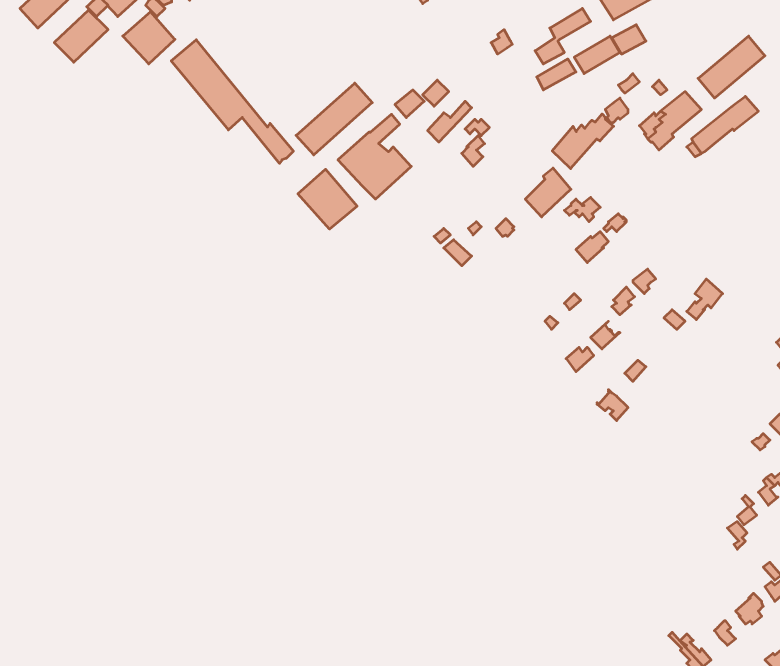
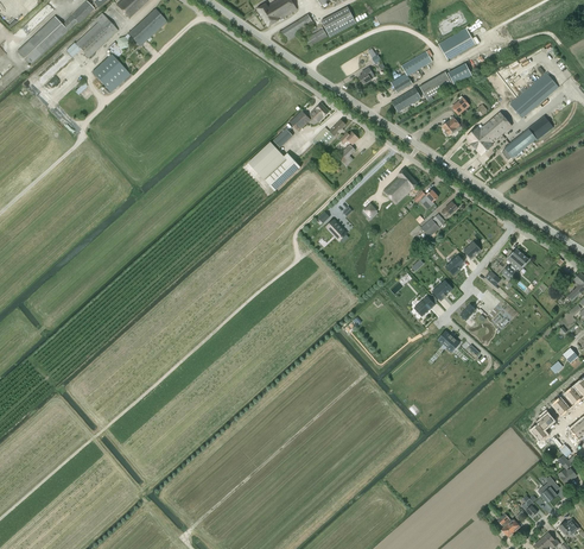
building: [171,40,293,163] -> none
building: [296,83,372,155] -> none
building: [552,114,614,169] -> none
building: [298,169,357,229] -> none

